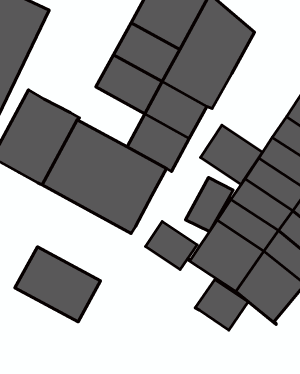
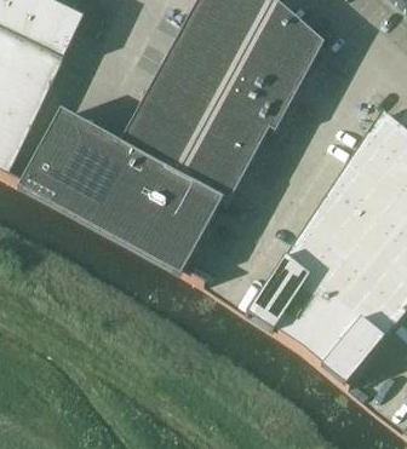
building: none -> [117,105,196,175]
building: [201,125,262,185] -> none
building: [186,177,233,232] -> none
building: [145,221,197,270] -> none
building: [15,247,101,322] -> none
building: [195,280,248,330] -> none

